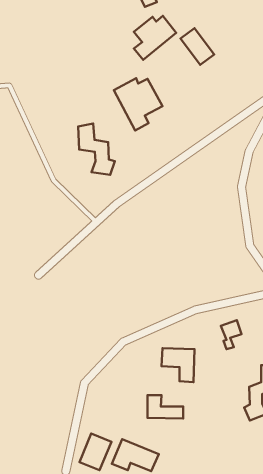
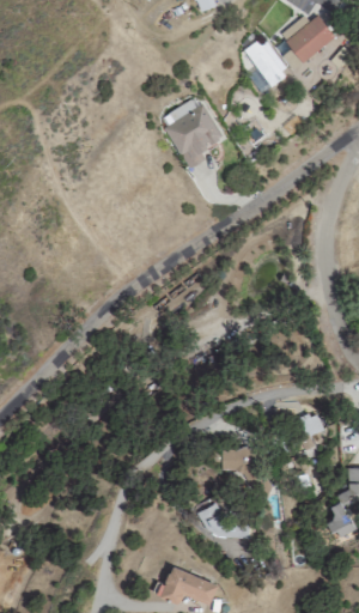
building: [134,16,176,60] -> [281,14,335,71]
building: [78,124,115,175] -> none
building: [79,434,111,470] -> none

